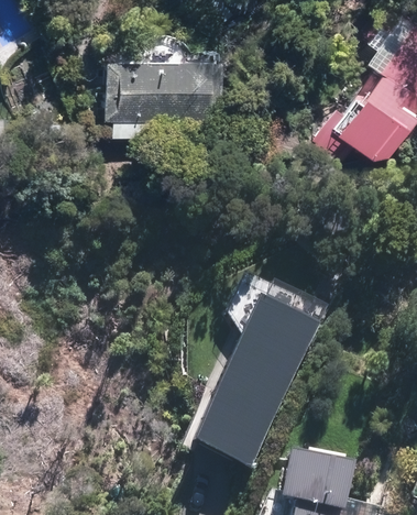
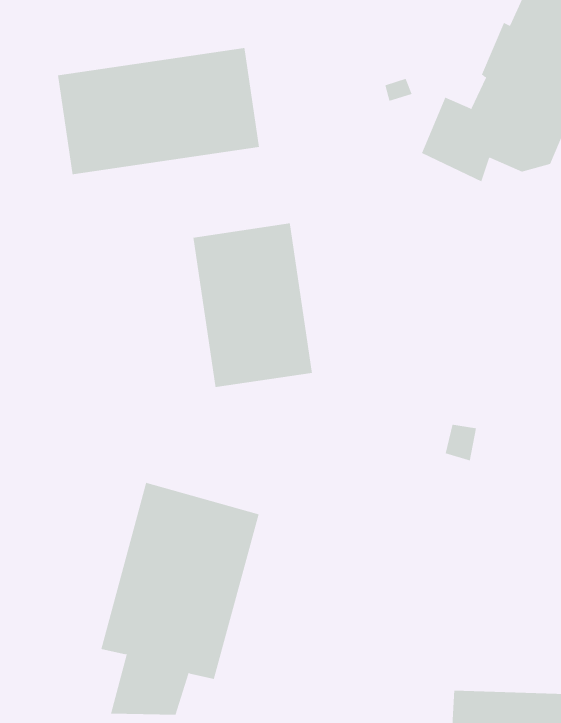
building: none -> [193,223,313,388]
building: [211,300,316,439] -> [101,482,260,715]

